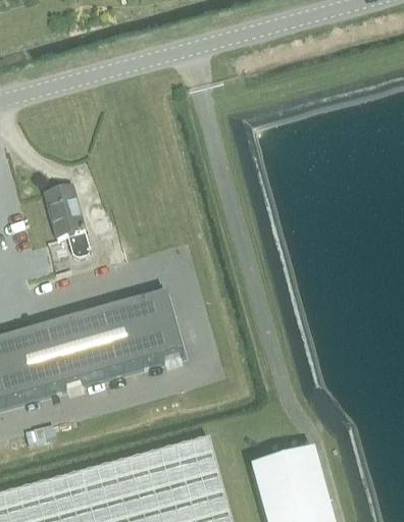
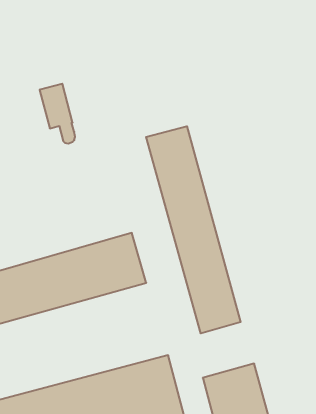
building: none -> [146,126,241,333]
building: [44,184,87,256] -> [40,84,75,144]

